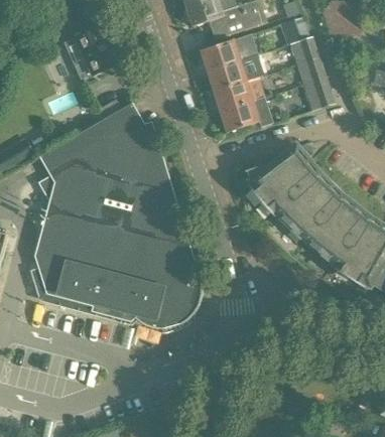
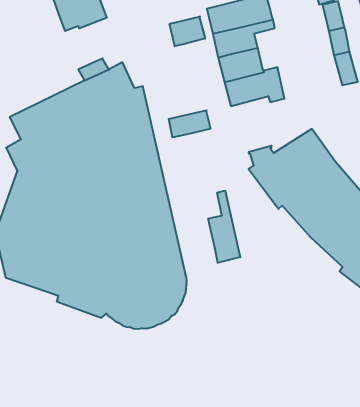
building: none -> [170,16,205,46]
building: none -> [169,110,210,137]
building: none -> [208,191,240,263]

